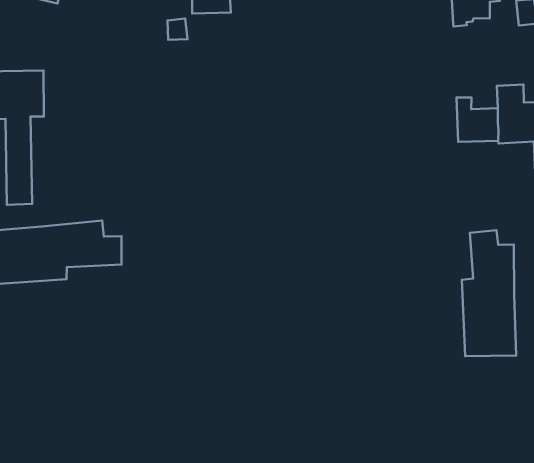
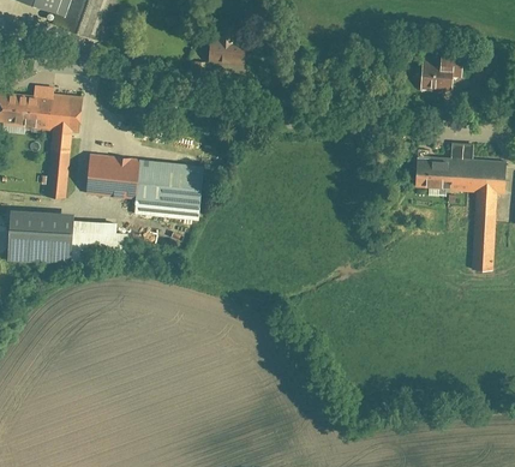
building: none -> [88,156,205,220]
building: [462,230,516,356] -> none

